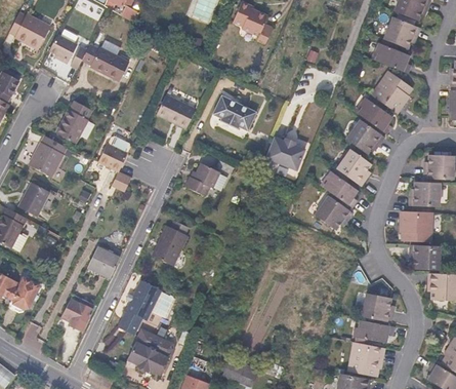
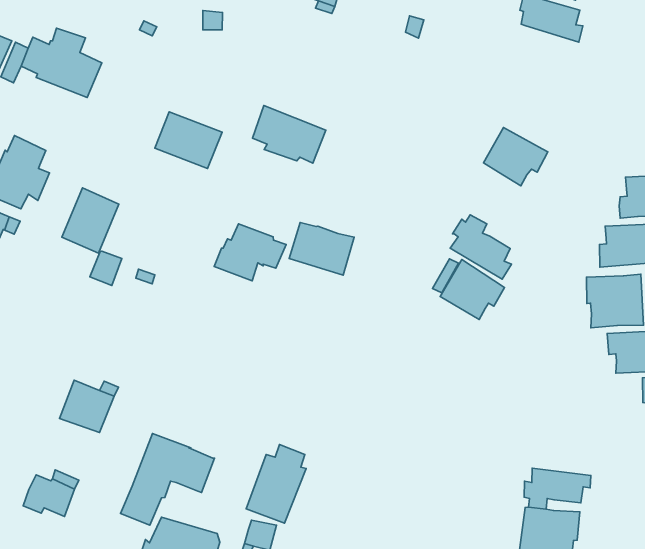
building: [371,70,413,113] -> none
building: [358,96,392,133] -> none
building: [265,137,304,169] -> [289,223,354,275]
building: [336,149,371,186] -> none
building: [152,220,189,266] -> [246,444,306,523]
building: [362,293,393,321] -> none

